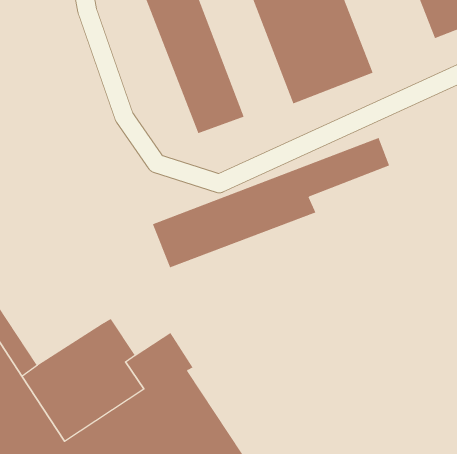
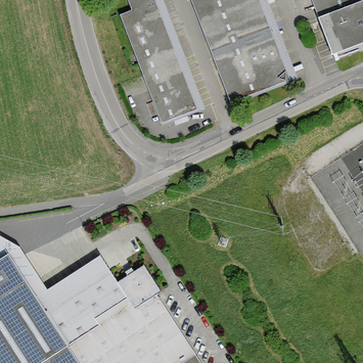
building: [152,137,390,268] -> none

